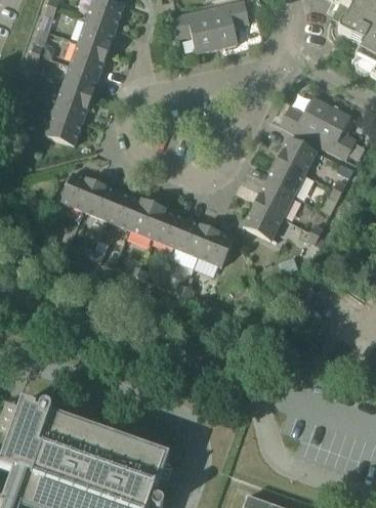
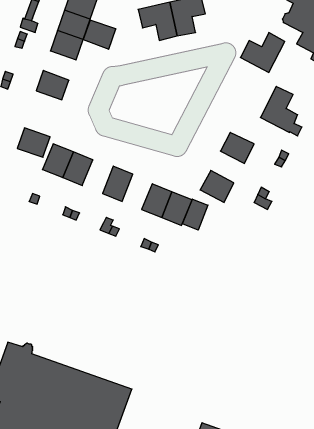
building: [61,65,99,98] -> [83,20,116,49]
building: [280,95,331,141] -> [240,33,285,72]
building: [45,111,83,144] -> [17,128,50,157]
building: [278,136,317,172] -> none
building: [255,180,294,217] -> none
building: [107,190,142,229] -> none
building: [153,207,187,248] -> none
building: none -> [183,199,208,230]

